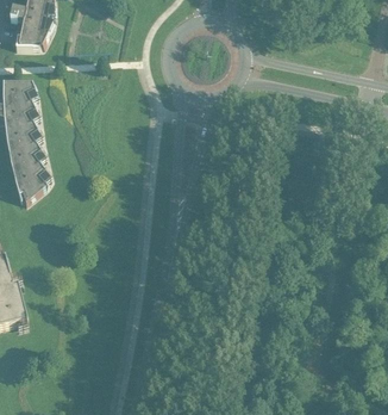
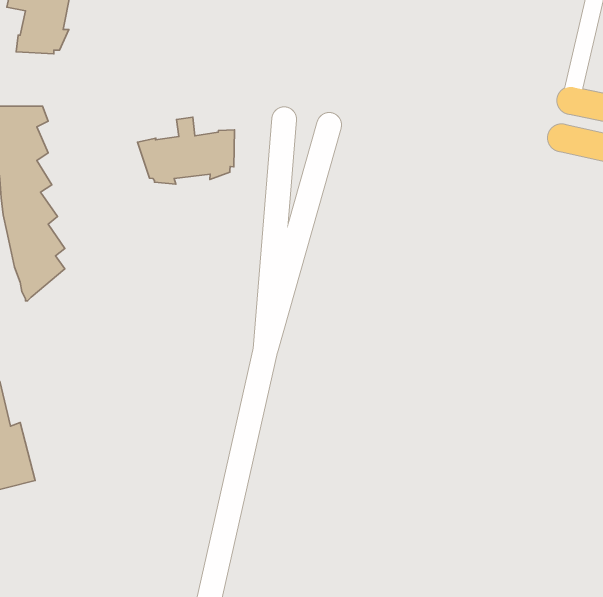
building: none -> [138,117,234,184]

